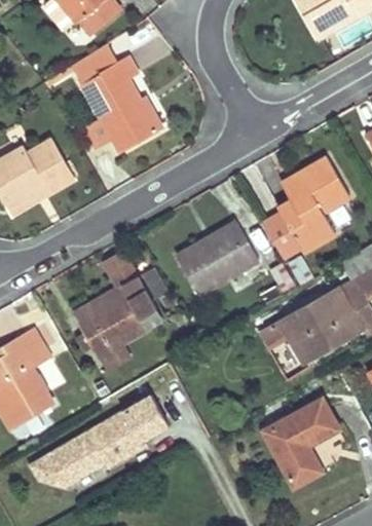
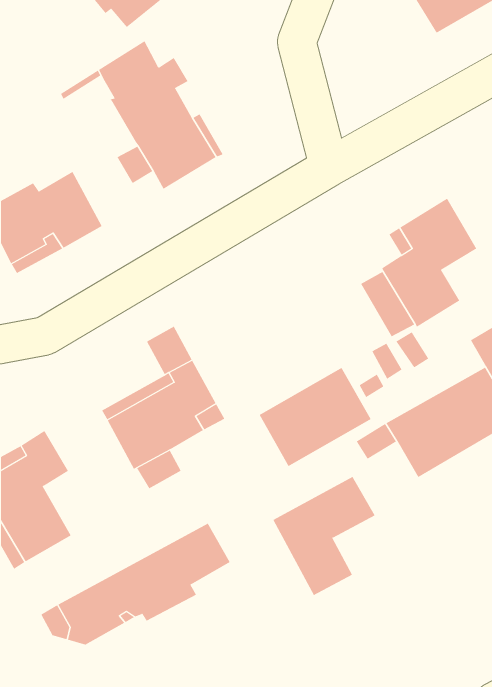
building: [177,221,259,294] -> [259,367,371,467]
building: [264,397,339,484] -> [273,476,375,596]

